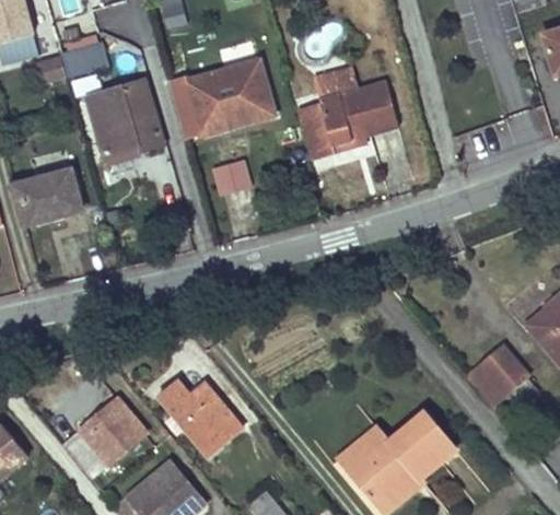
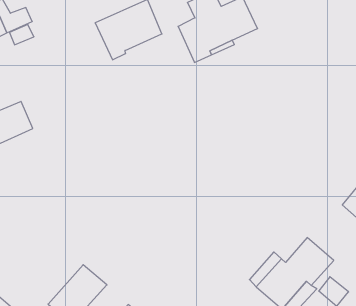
building: [92,81,163,154] -> none
building: [211,156,253,192] -> none
building: [163,382,241,454] -> none

